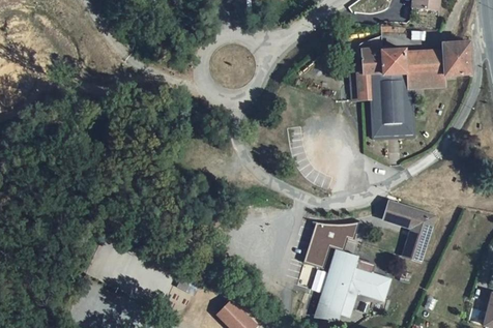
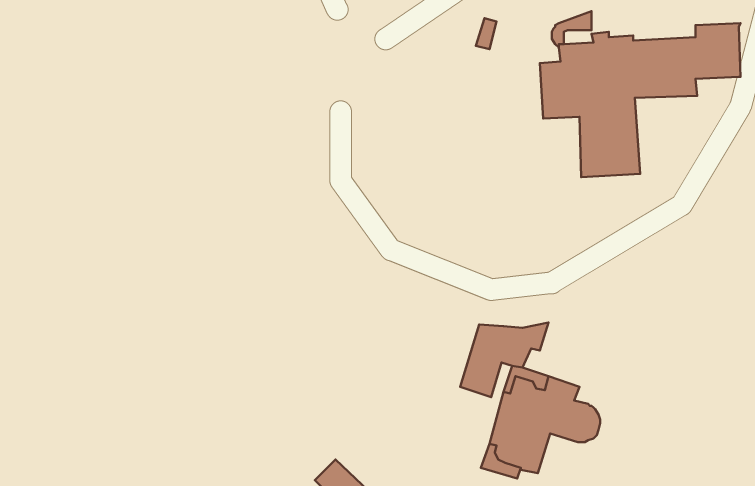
building: [385,201,436,262] -> none

